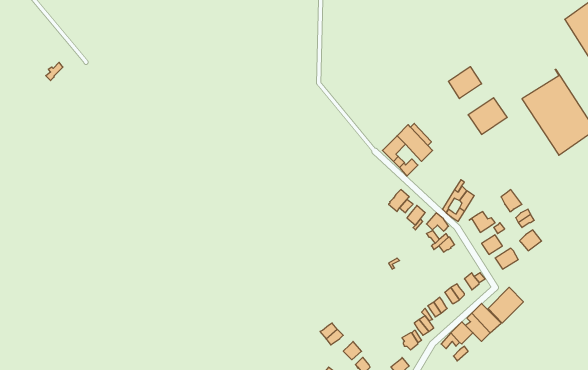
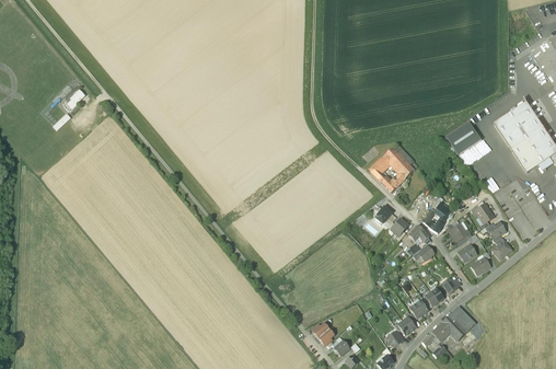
building: [448,67,482,99] -> none
building: [488,287,523,323] -> none

